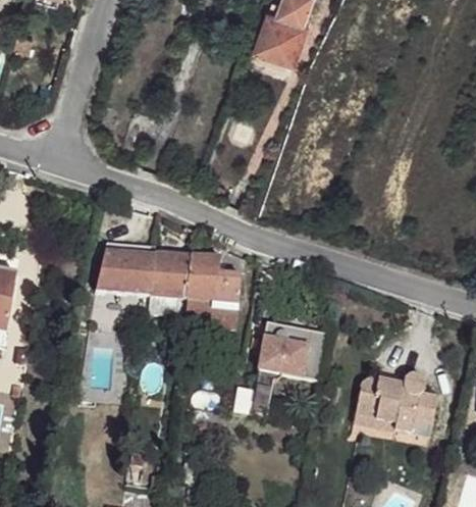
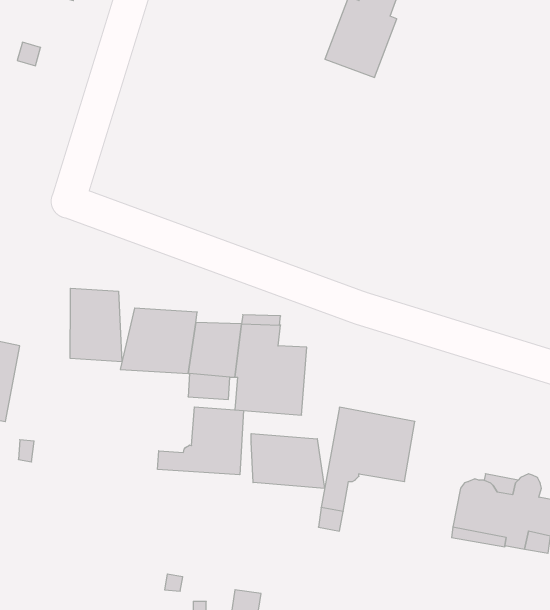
building: none -> [70,288,122,362]
building: none -> [158,407,243,475]
building: none -> [251,434,325,488]

